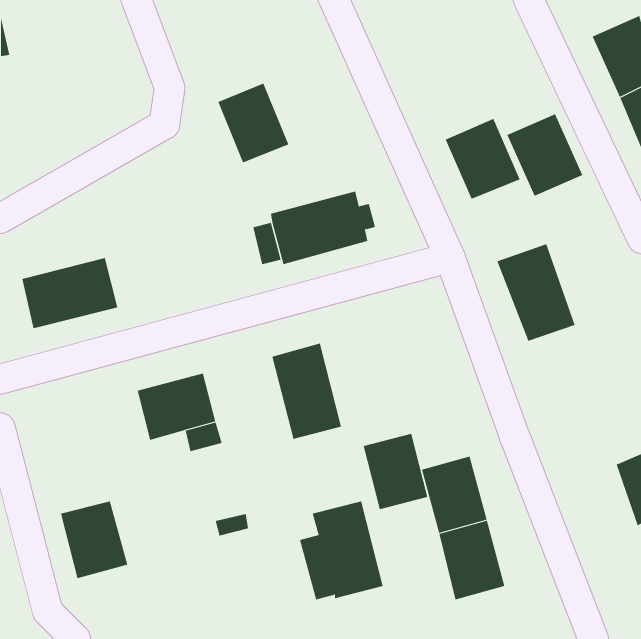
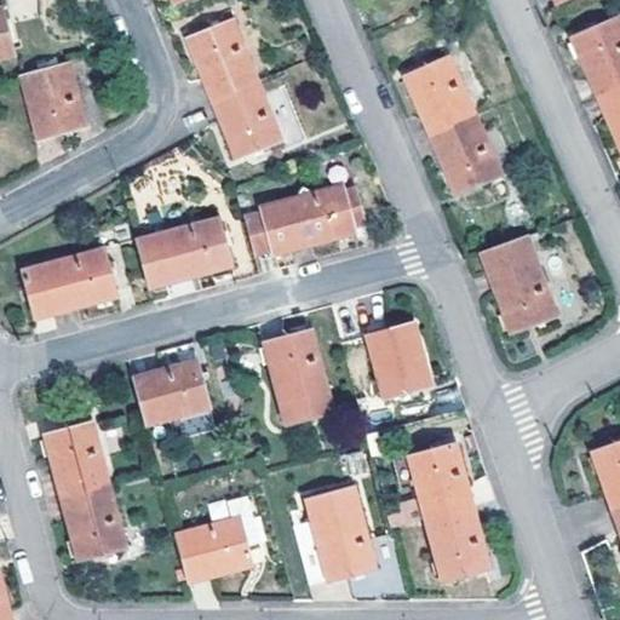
building: none -> [186,19,256,98]
building: none -> [19,61,86,138]
building: [506,114,583,196] -> [403,54,477,134]
building: none -> [134,218,230,288]
building: [363,433,428,510] -> [366,320,429,394]
building: none -> [42,421,108,495]
building: none -> [173,517,249,581]

